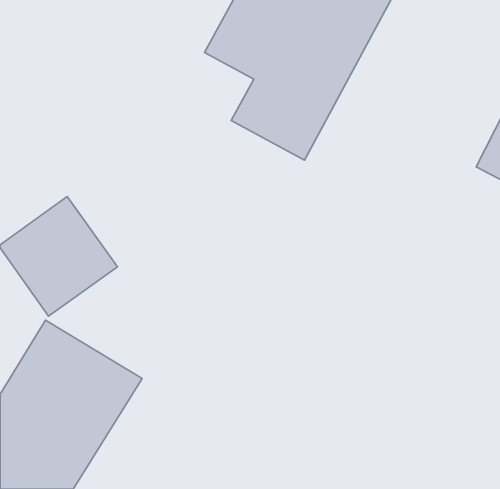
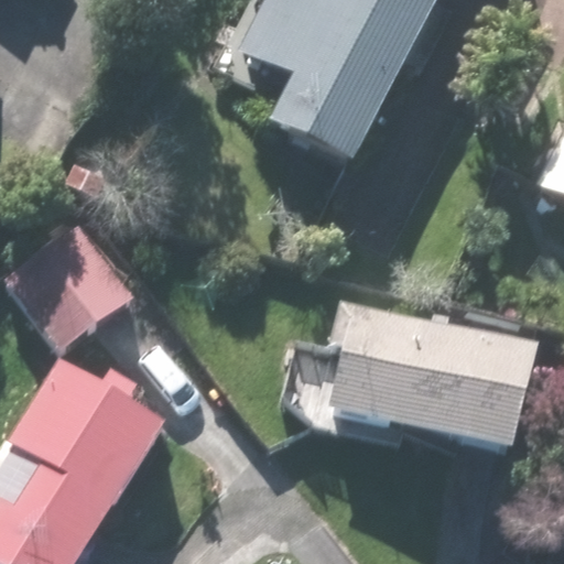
building: none -> [313,300,535,463]

